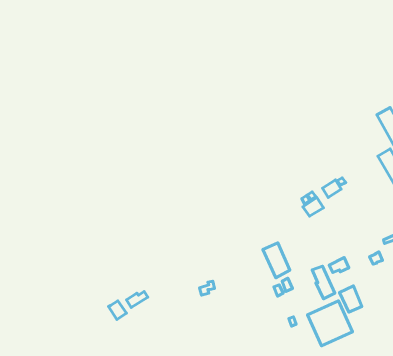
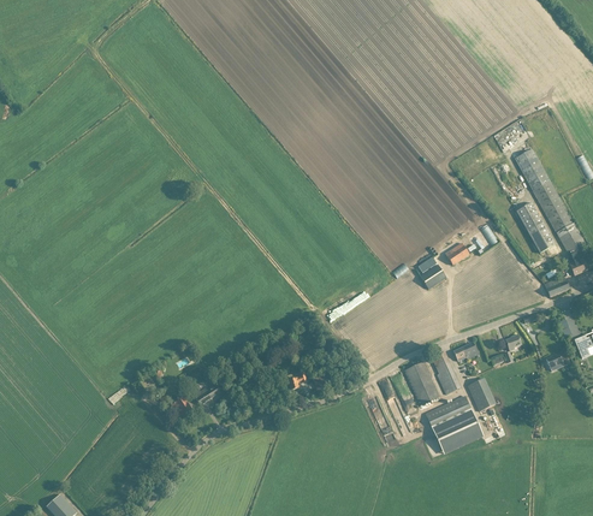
building: [263,243,290,278] -> [403,362,438,407]

